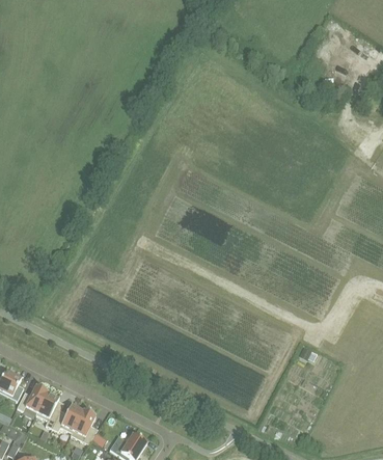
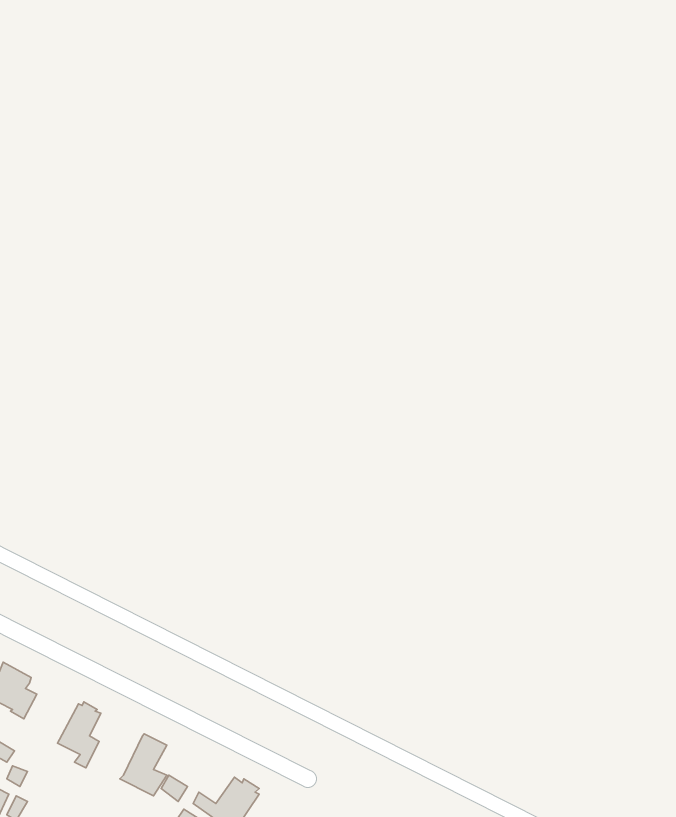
building: [17,384,48,411] -> none
building: [51,403,82,431] -> none

